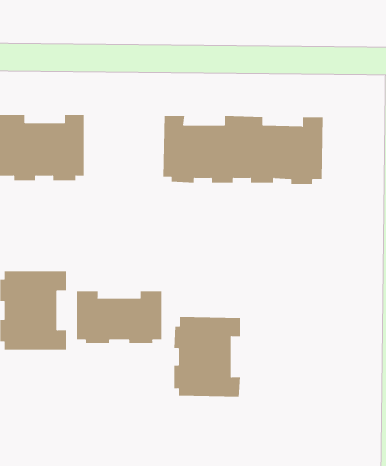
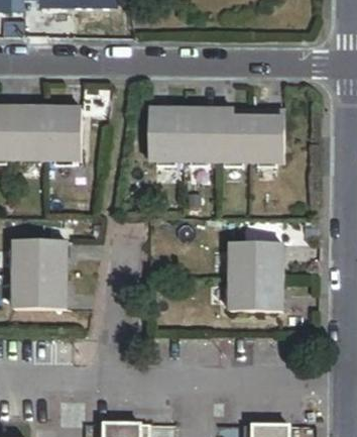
building: [77,290,162,344] -> none
building: [173,317,241,397] -> [226,241,283,310]

